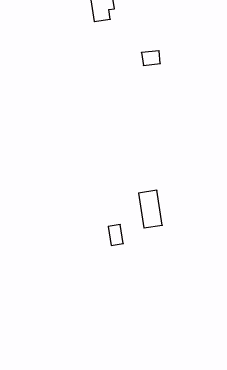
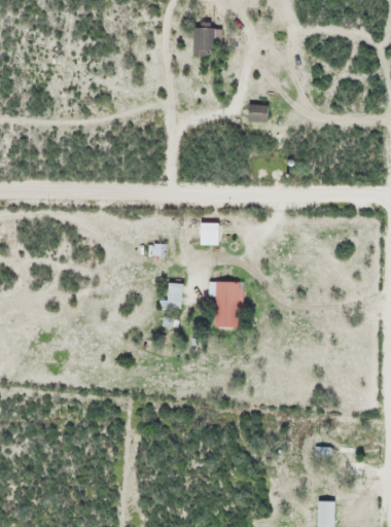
building: none -> [200,221,218,245]
building: [108,225,123,245] -> [167,283,182,308]

